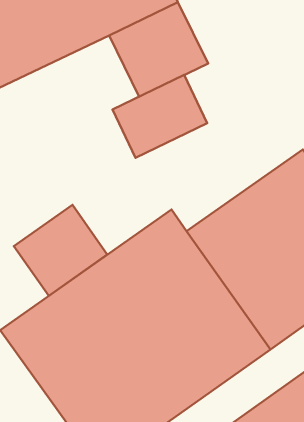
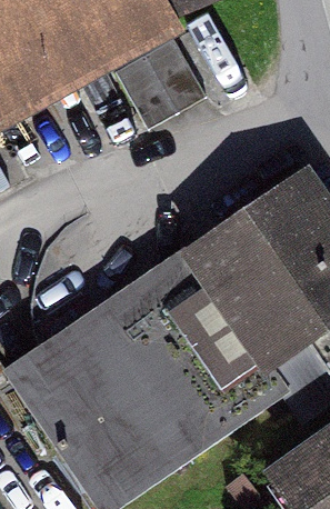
building: [113,75,207,158] -> none
building: [14,205,107,296] -> none

